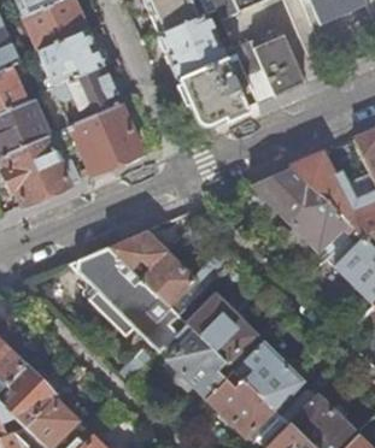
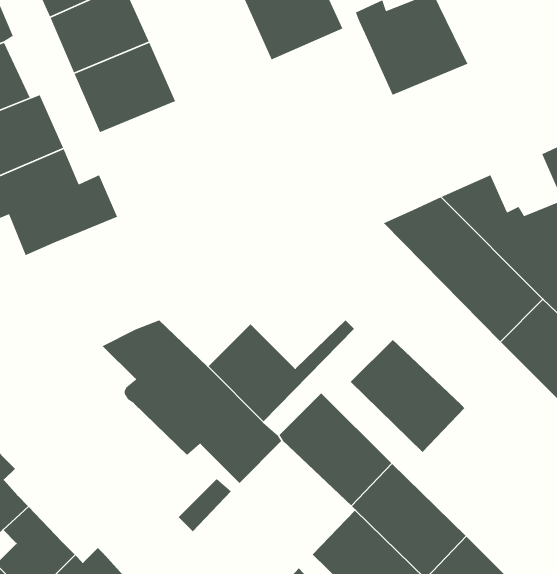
building: [181,53,250,126] -> none
building: [70,105,141,175] -> none
building: [109,229,168,276] -> none
building: [160,324,235,397] -> [350,339,465,453]

